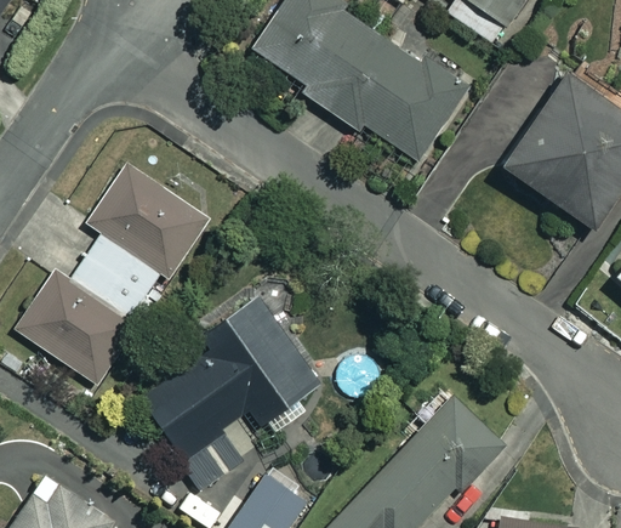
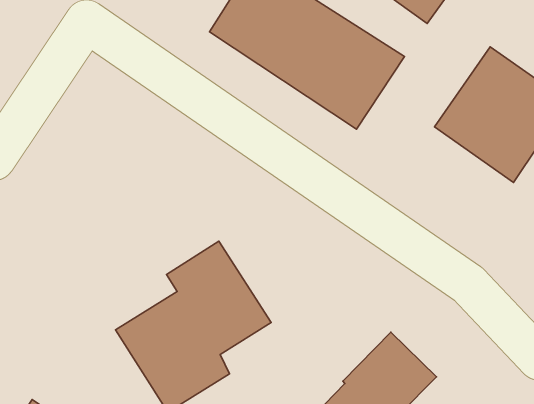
building: [16,165,209,380] -> none

